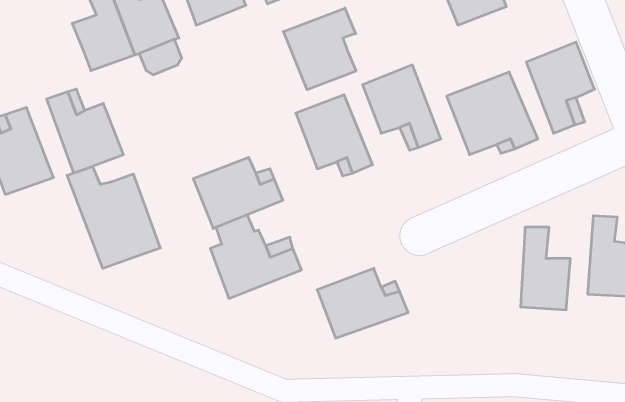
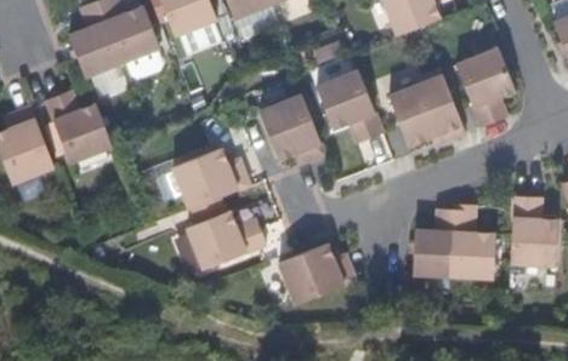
building: [283,8,356,90] -> none
building: [67,167,160,268] -> none
building: none -> [411,210,455,275]

